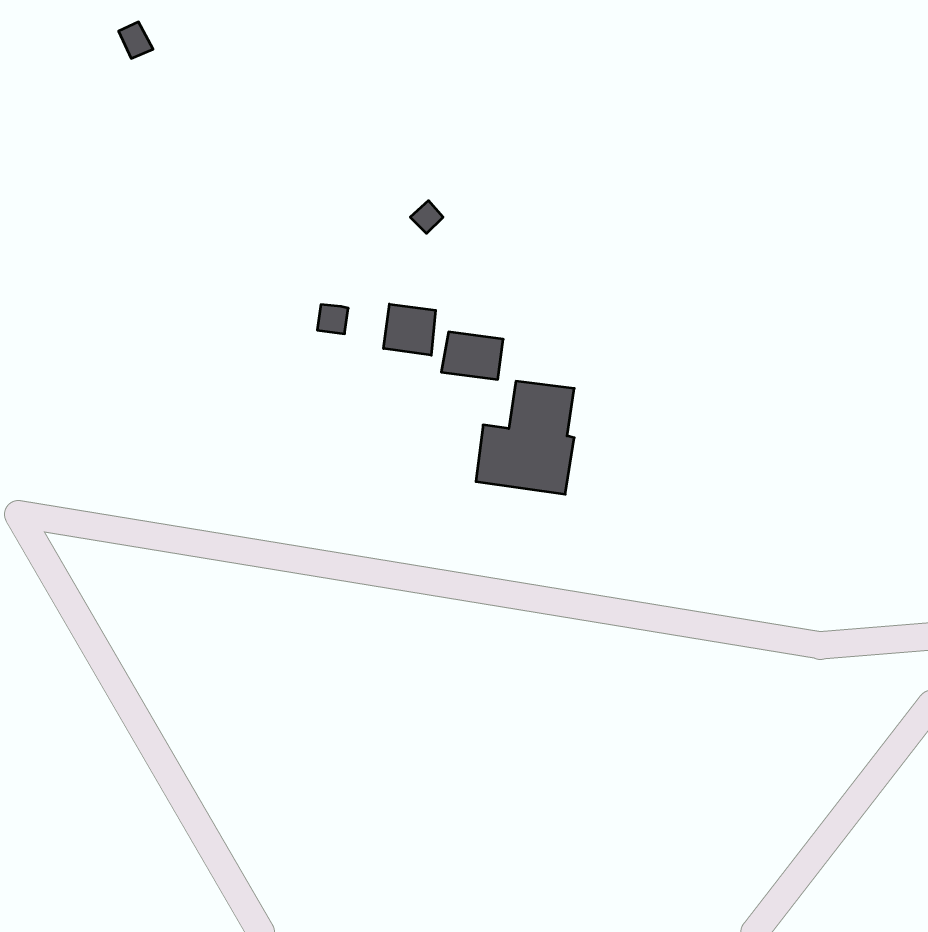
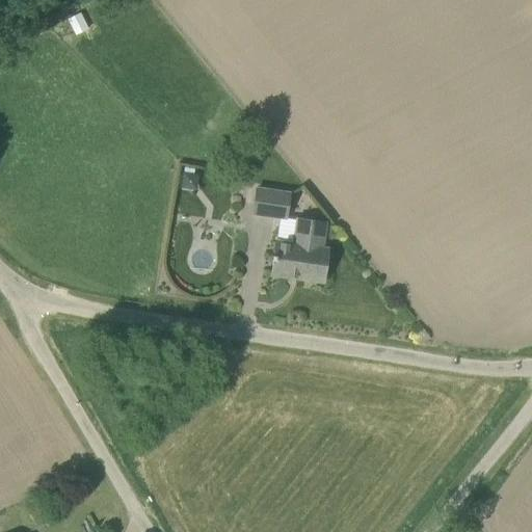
building: [384,304,436,355] -> none

